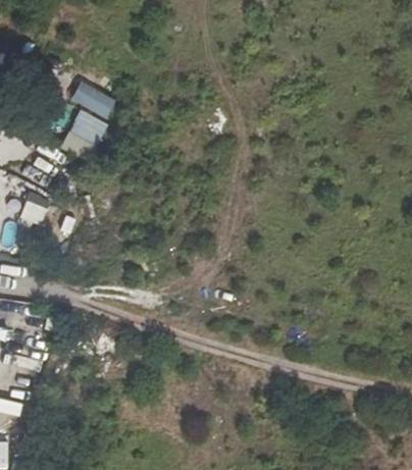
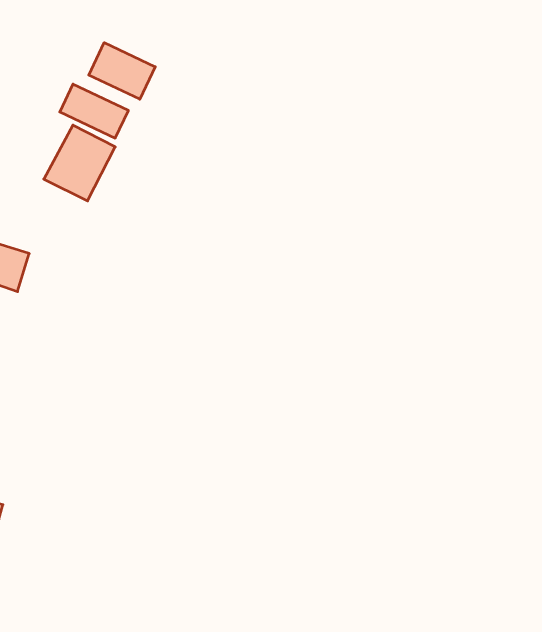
building: none -> [89,43,155,99]

